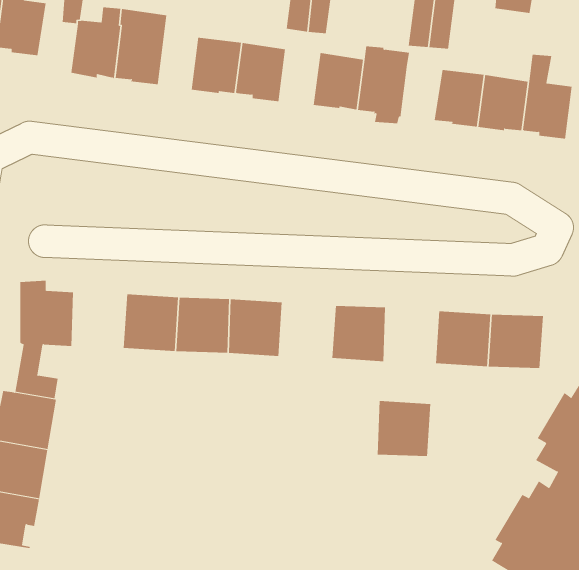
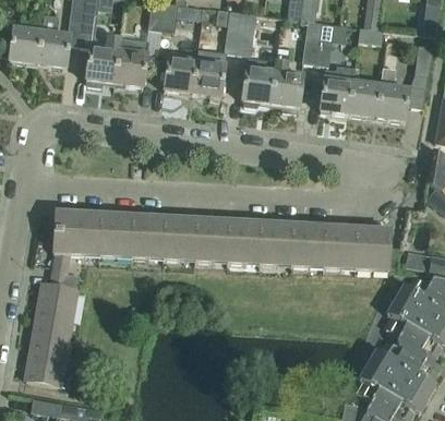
building: none -> [87,219,122,255]
building: none -> [220,226,256,262]
building: [377,400,431,456] -> [288,229,323,265]

